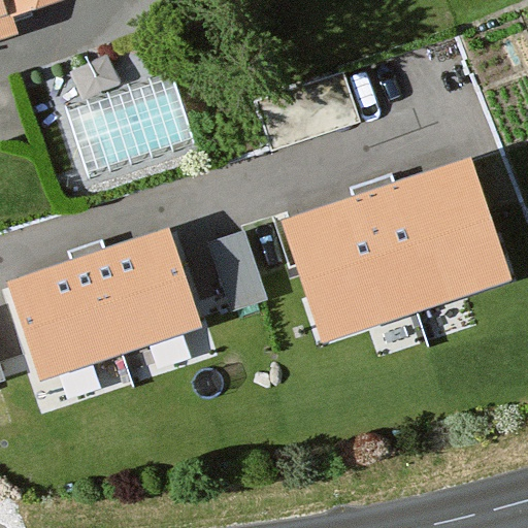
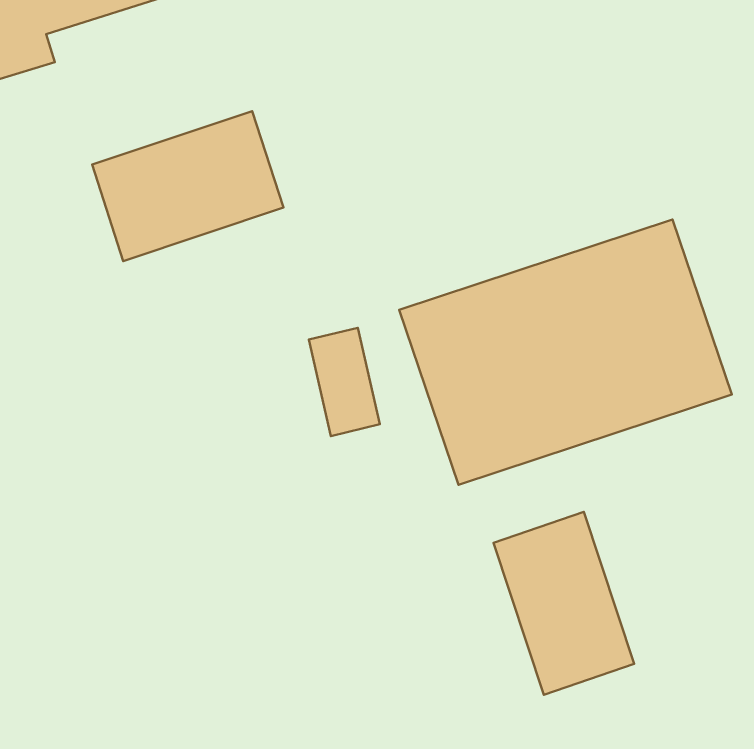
building: [10,239,194,381] -> none
building: none -> [493,512,634,695]

